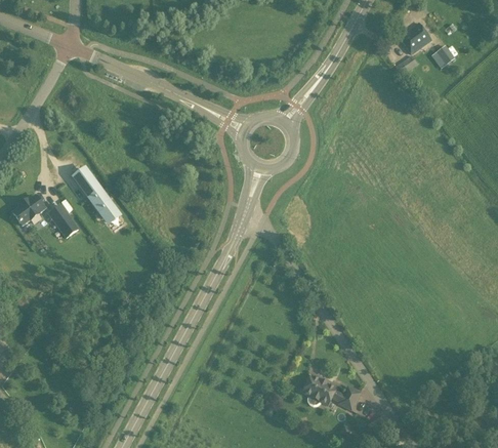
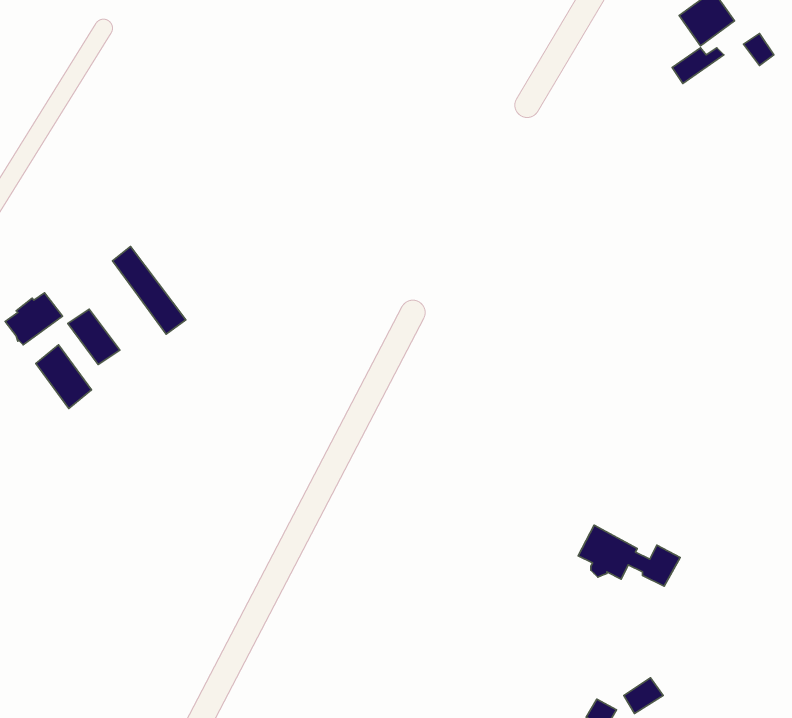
building: none -> [36,345,92,408]
building: [302,374,361,409] -> [578,525,680,586]

